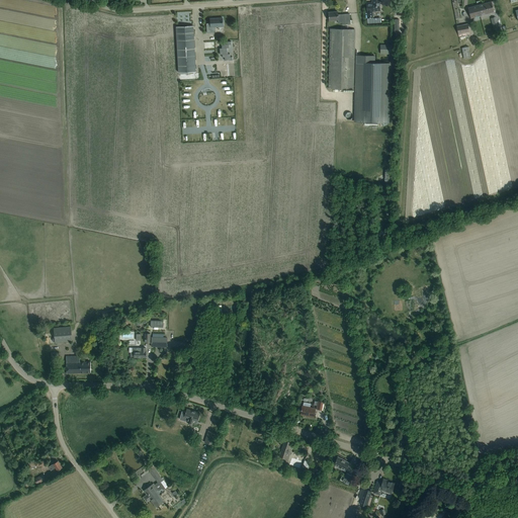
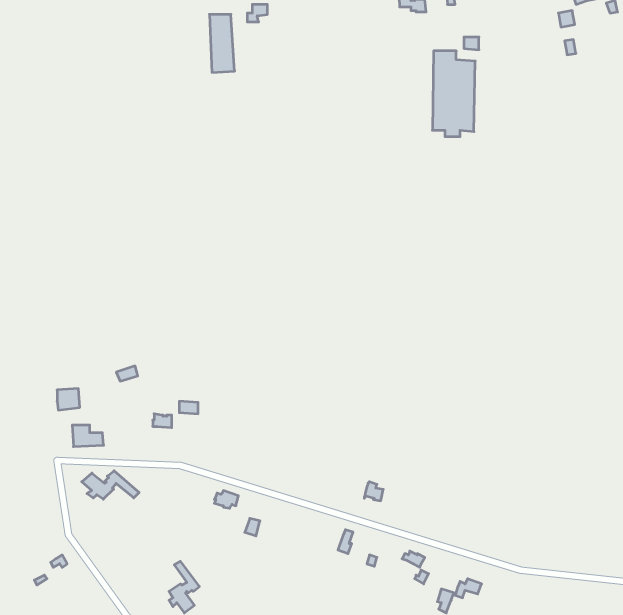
building: [329,28,355,89] -> none
building: none -> [82,471,139,499]

